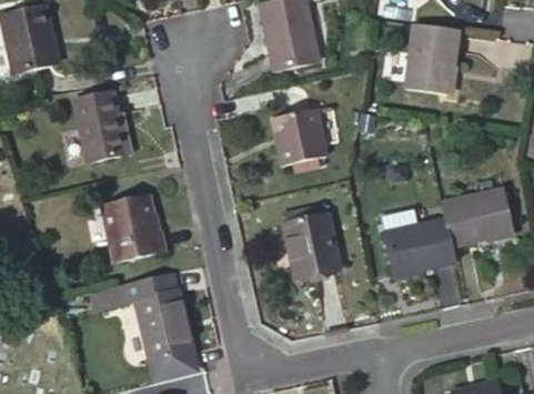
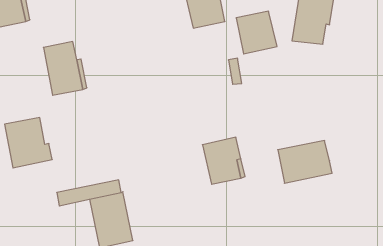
building: [272,114,326,171] -> [236,11,277,54]
building: [444,188,516,246] -> none
building: [102,194,165,261] -> [5,118,52,168]

